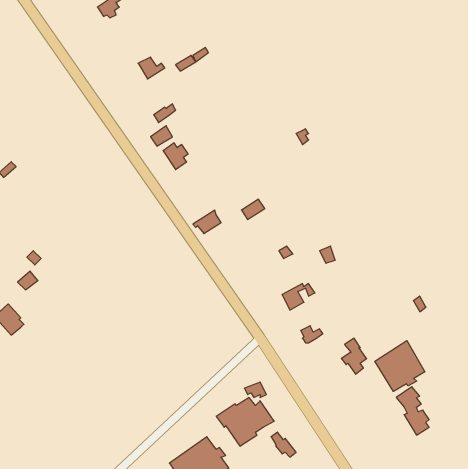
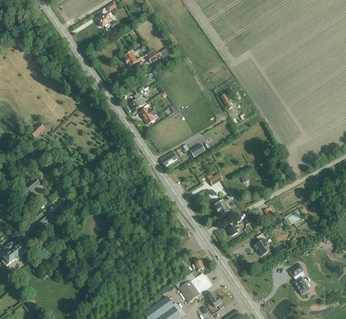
building: [375,341,425,391] -> none

